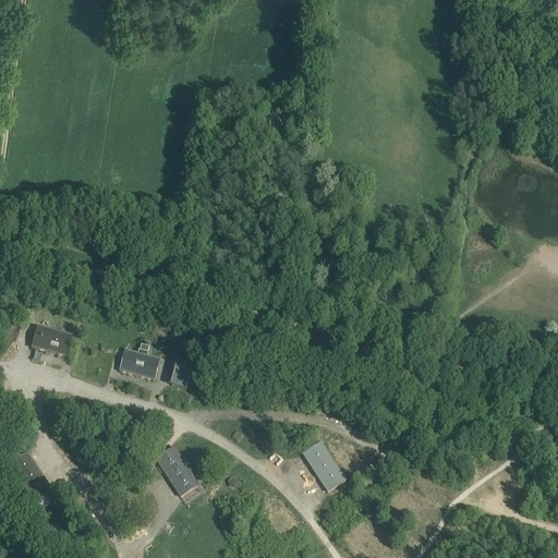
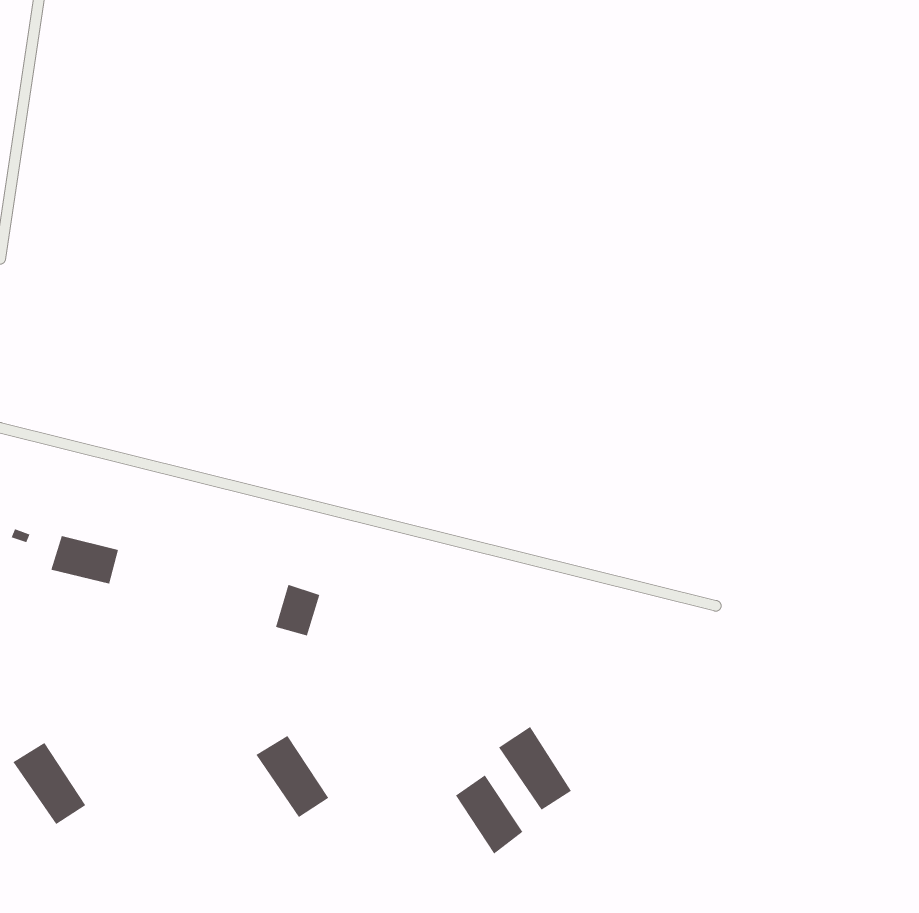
building: [120,342,160,379] -> none
building: none -> [455,775,523,855]

